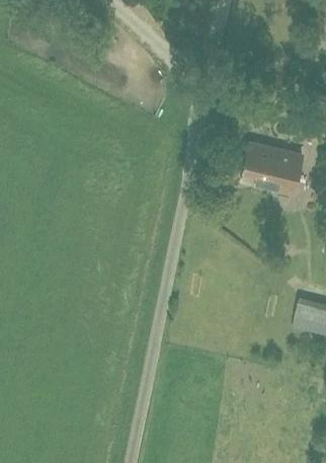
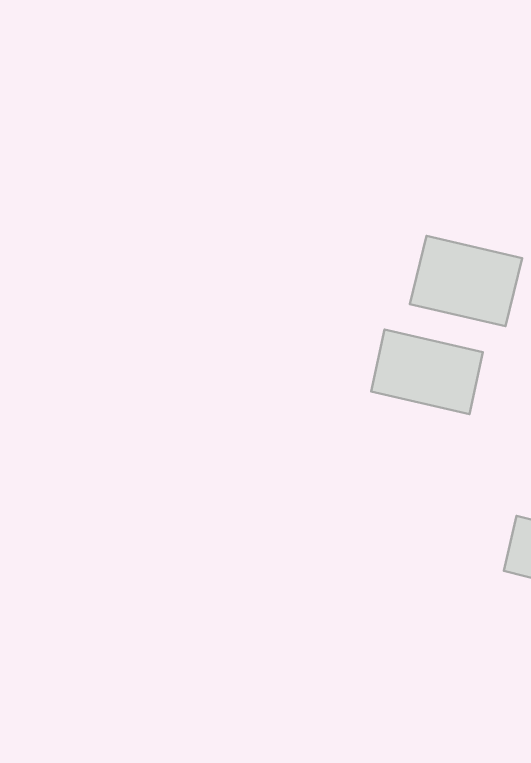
building: none -> [371,330,483,414]

